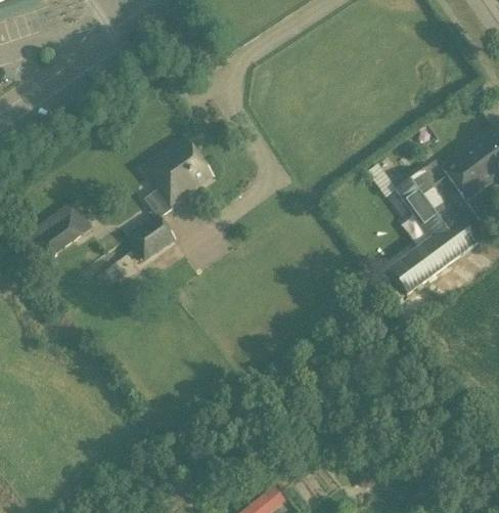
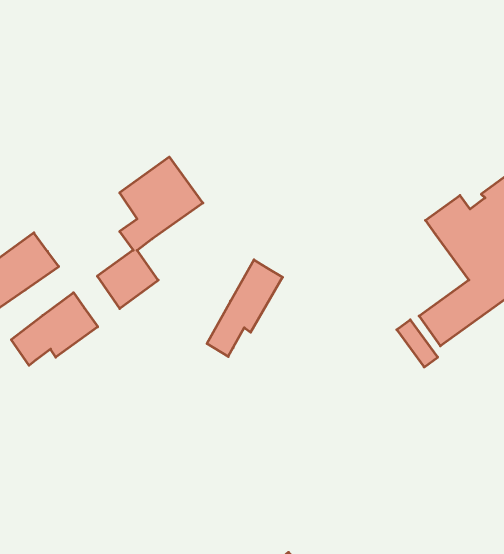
building: none -> [207,260,283,357]
building: none -> [11,293,98,365]

